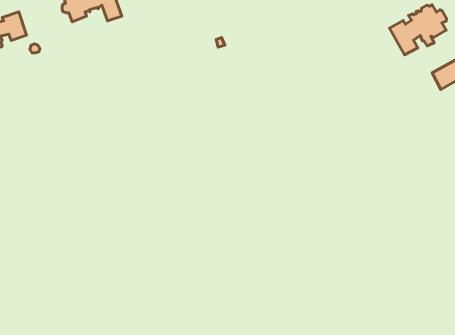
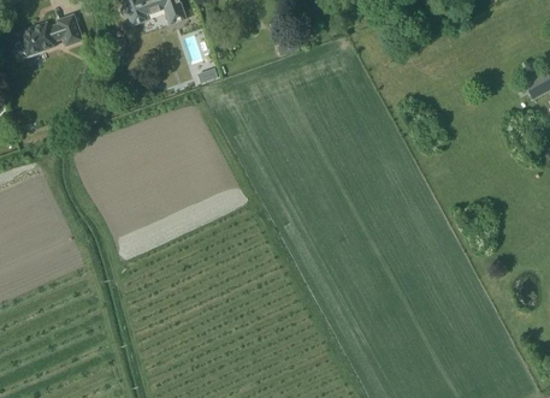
building: [390,5,447,55] -> none

